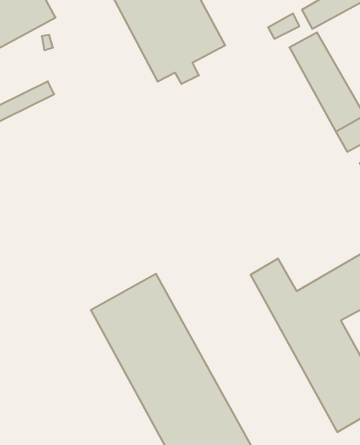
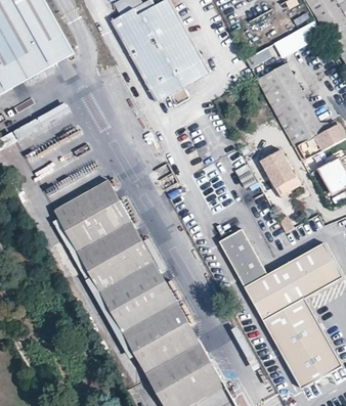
building: none -> [259,149,299,198]
building: none -> [54,180,154,290]
building: none -> [219,229,253,262]

